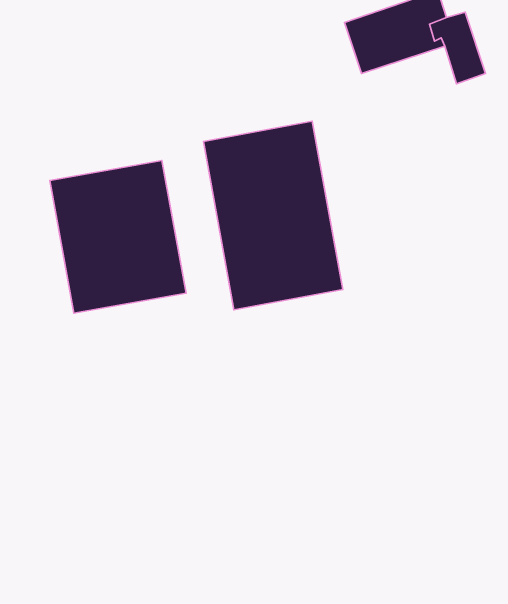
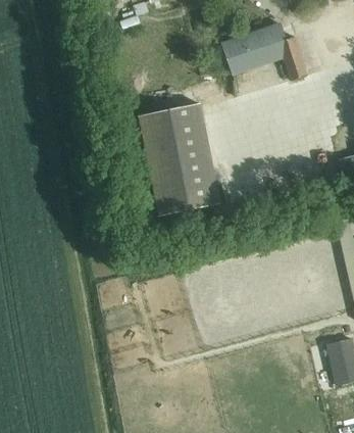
building: [50,161,186,313] -> none

